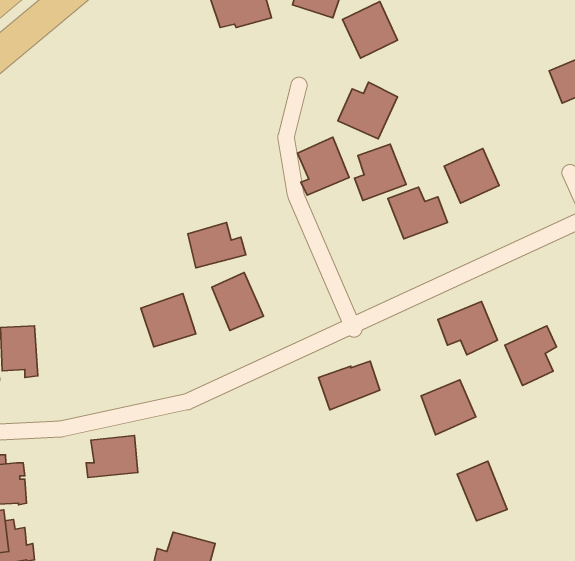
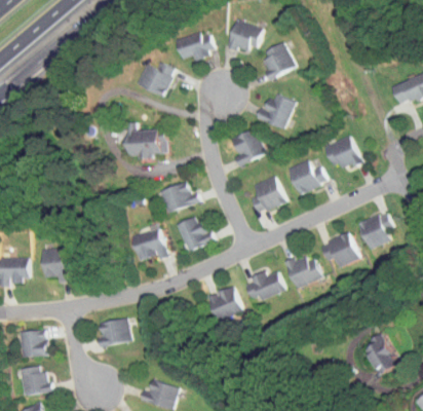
building: none -> [137,63,175,96]
building: none -> [128,123,167,157]
building: [355,144,406,201] -> [252,177,284,213]
building: [505,326,556,386] -> [358,212,391,250]
building: [421,380,476,435] -> [286,254,321,289]
building: none -> [208,287,241,321]
building: [457,461,507,521] -> [366,336,397,374]

